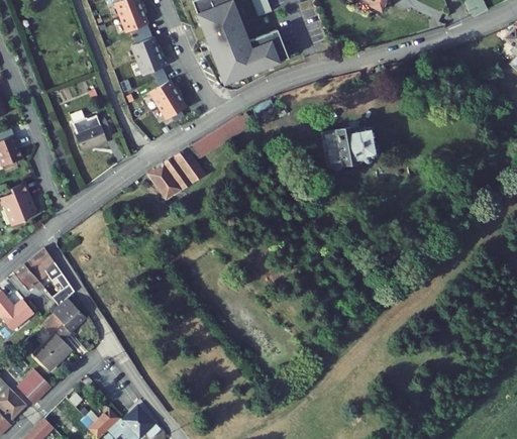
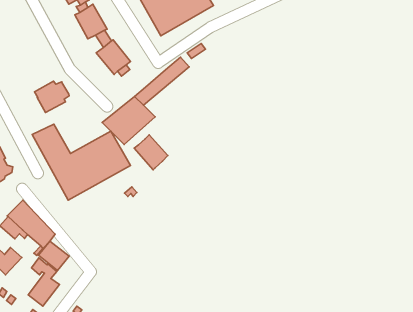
building: [322,127,381,172] -> none
building: none -> [32,124,130,200]
building: none -> [134,135,168,170]

